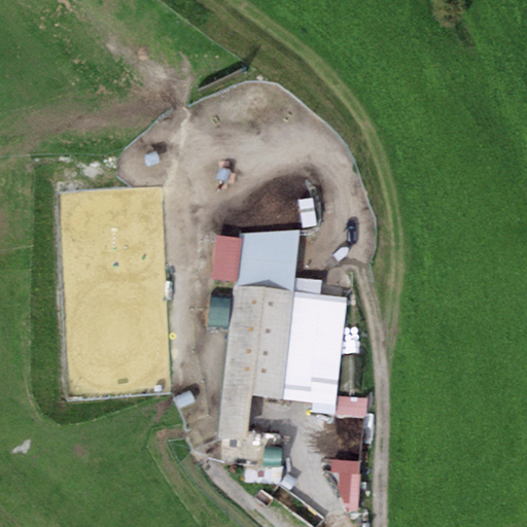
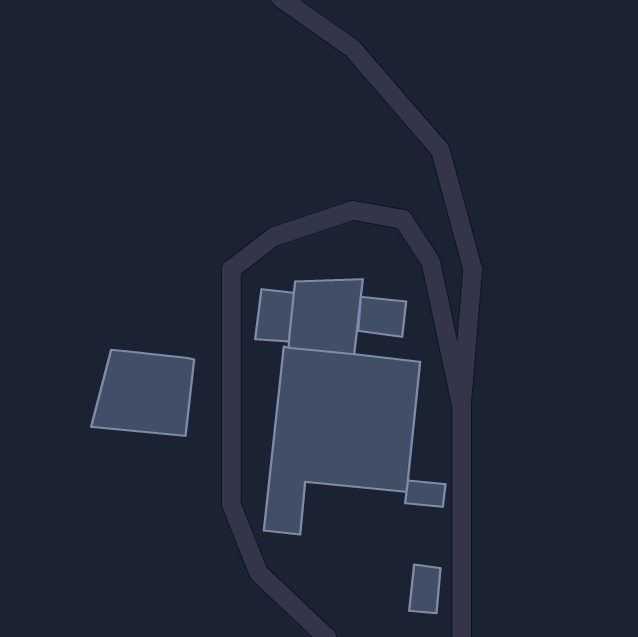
building: none -> [358,297,406,337]
building: none -> [91,350,194,436]

